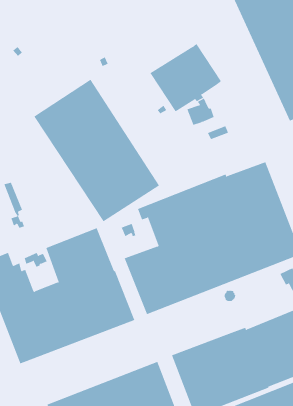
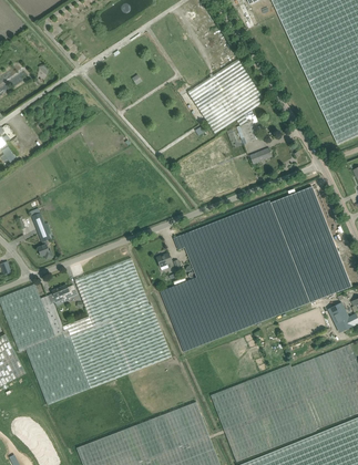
building: [34,79,160,222] -> none

